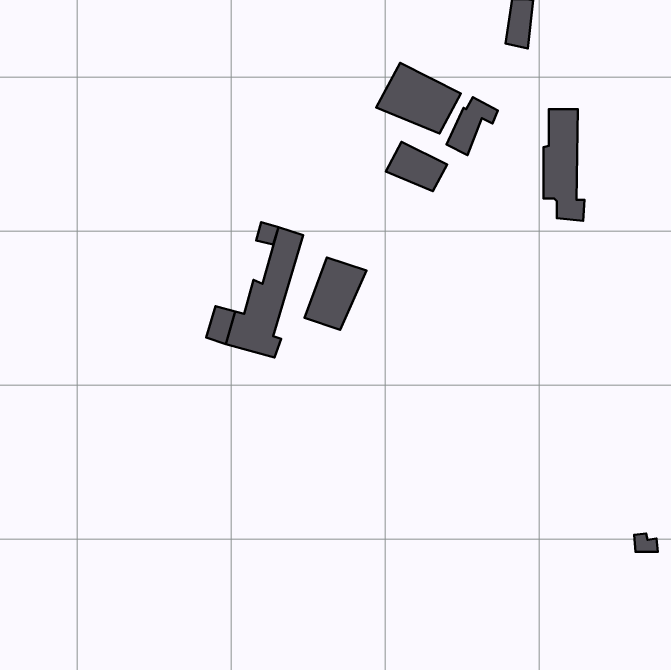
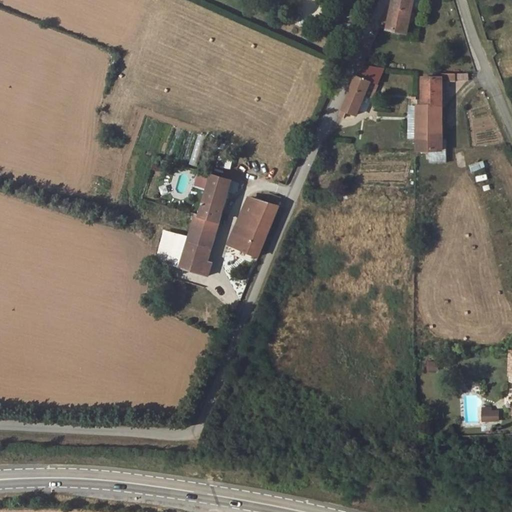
building: [376,63,461,134] -> none
building: [386,142,447,191] -> none

